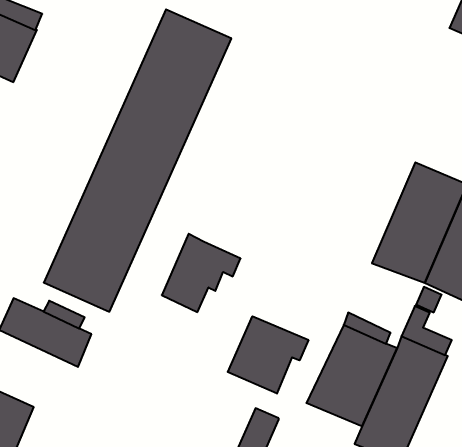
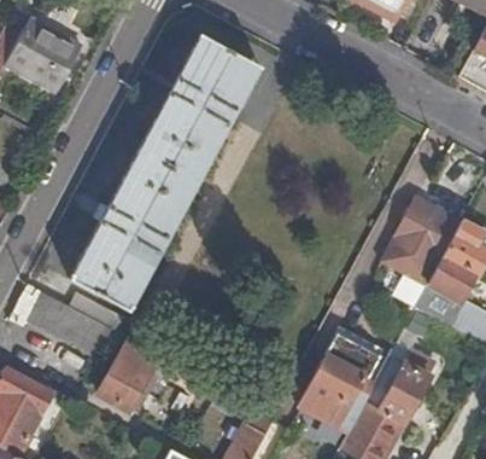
building: [162,234,241,312] -> [100,339,175,412]
building: [228,316,308,394] -> none

